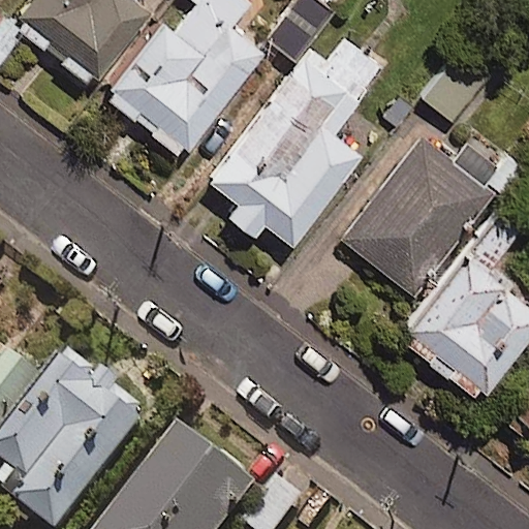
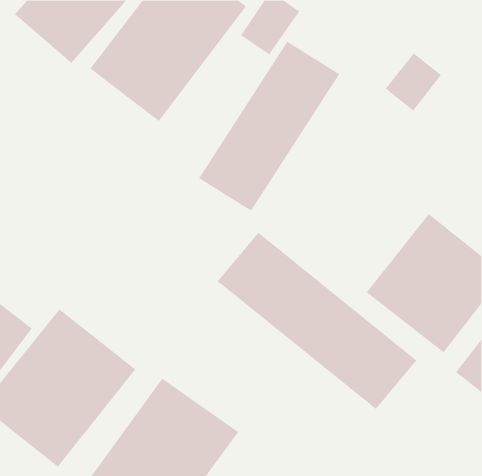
building: [346,129,492,283] -> none
building: none -> [217,232,417,410]

